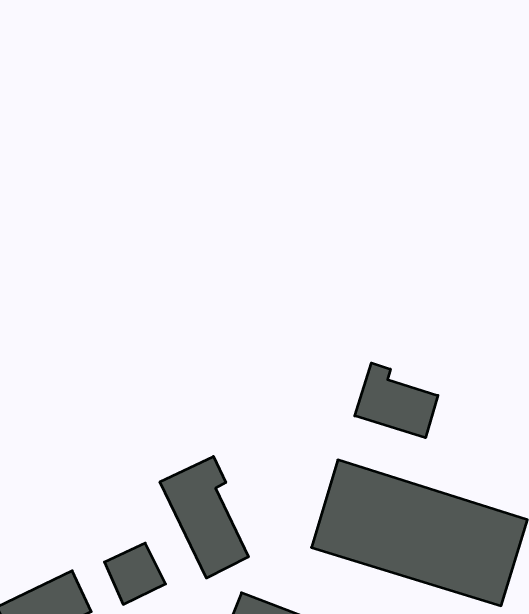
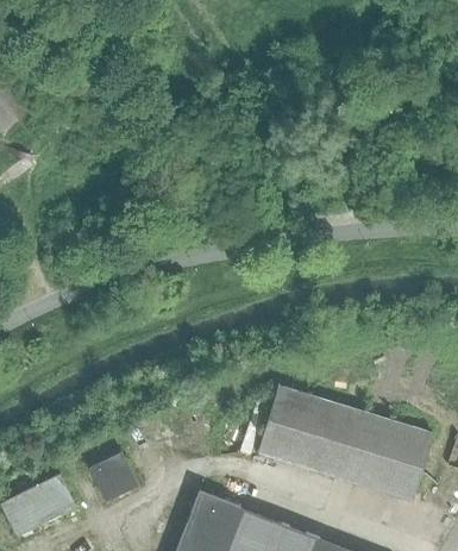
building: [355,363,438,438] -> none
building: [160,456,248,578] -> none

